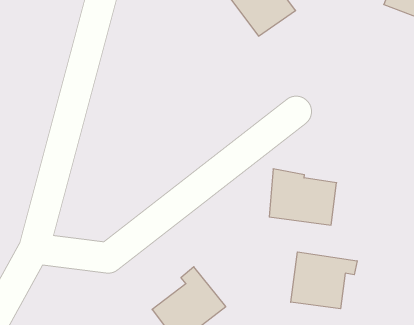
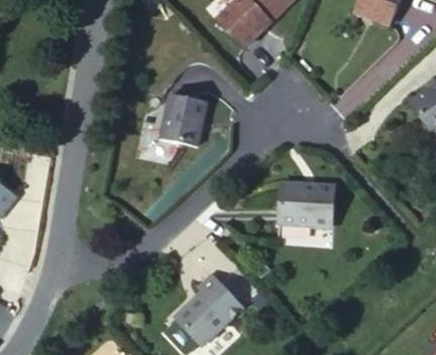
building: none -> [166,99,214,151]
building: [291,252,357,309] -> none

